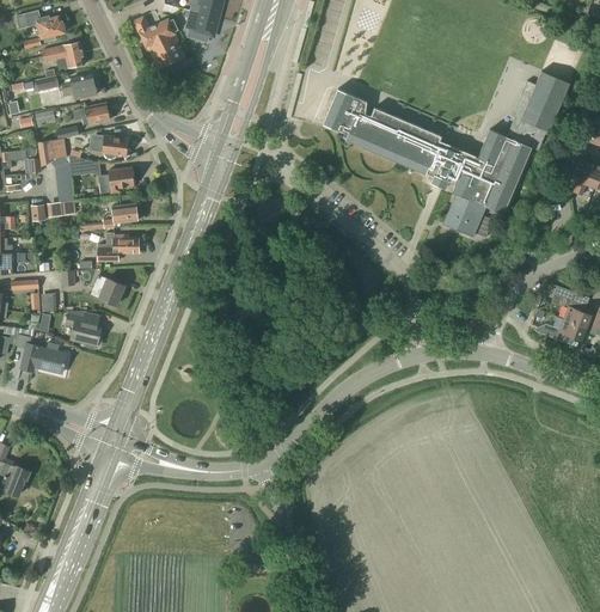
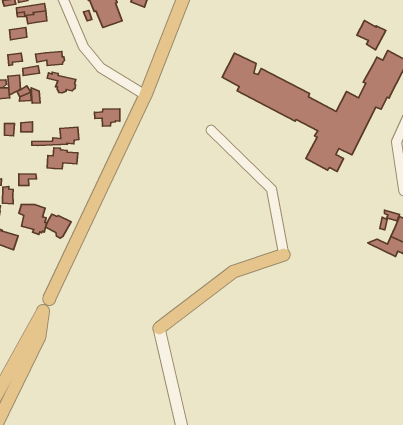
building: none -> [357,20,386,50]
building: [61,74,96,99] -> none
building: [98,169,133,194] -> [94,109,120,126]
building: [91,276,124,307] -> [46,214,71,238]

